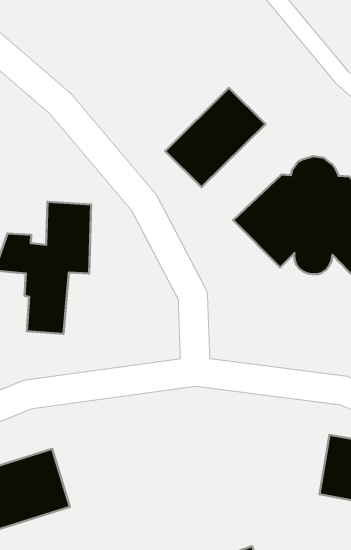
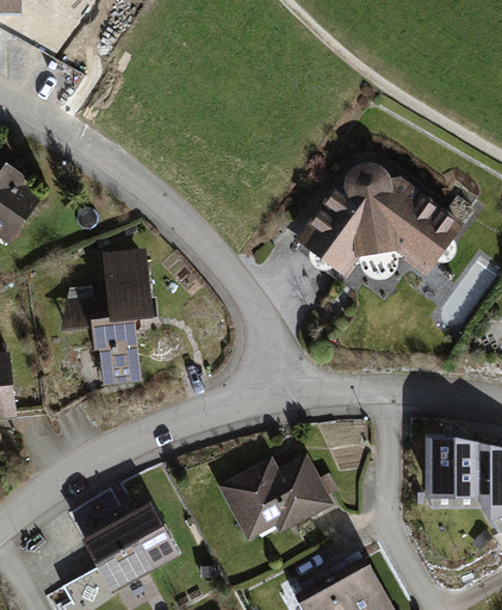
building: [165,88,265,187] -> none
building: none -> [219,456,333,537]

